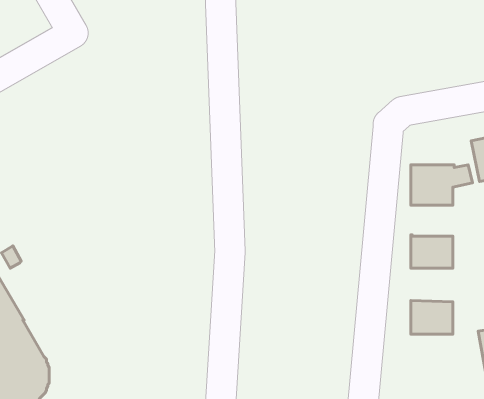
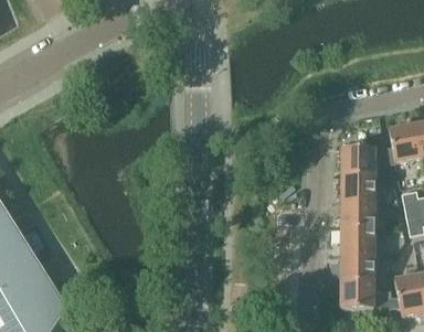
building: none -> [342,178,375,202]
building: none -> [342,227,375,254]
building: none -> [342,279,391,312]

